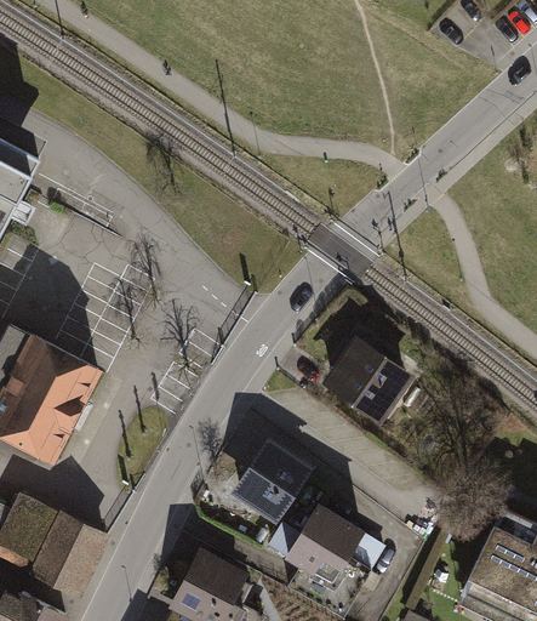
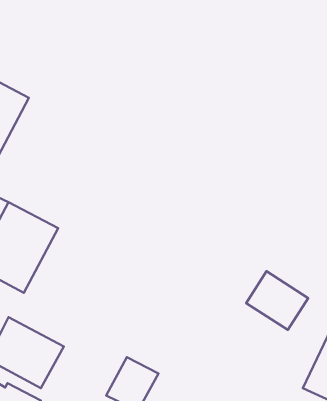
building: [314,337,406,425] -> [246,271,308,330]
building: [233,444,312,524] -> none
building: [289,508,362,583] -> none

